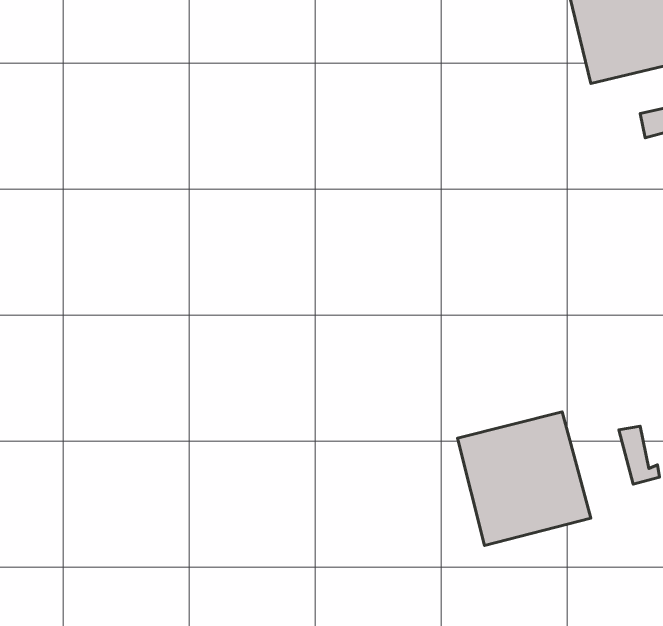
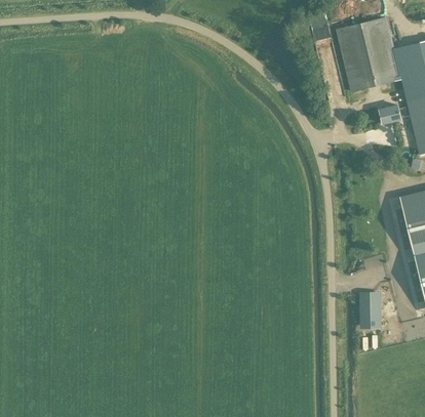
building: [458,412,591,546] -> none

